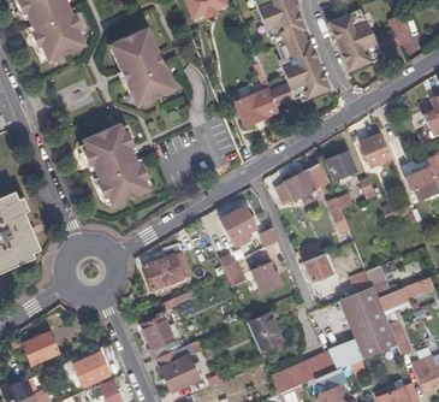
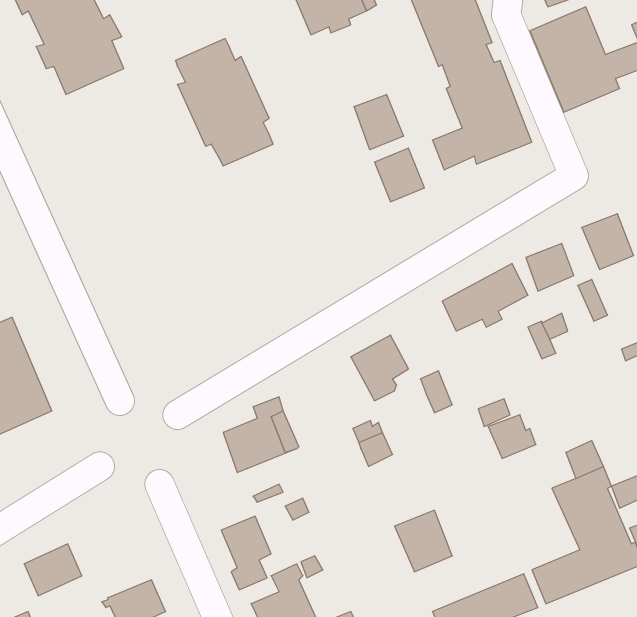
building: none -> [354,94,404,150]
building: [82,123,148,203] -> none
building: [251,260,286,294] -> none

